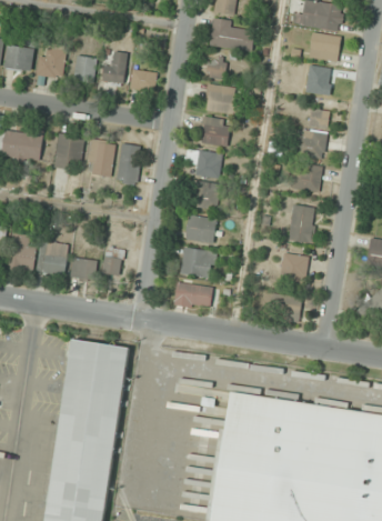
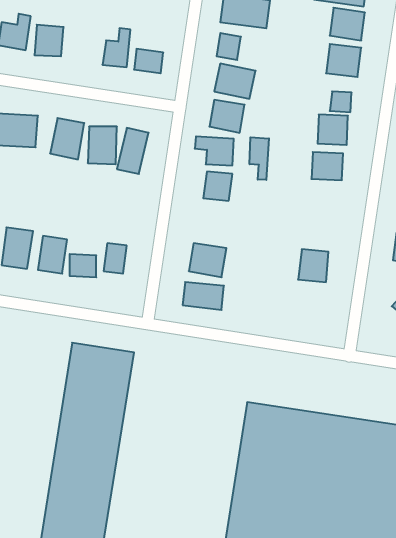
building: [73,54,95,83] -> none
building: none -> [250,137,269,180]
building: [289,206,314,242] -> none
building: [184,216,215,243] -> none
building: [269,294,300,320] -> none

